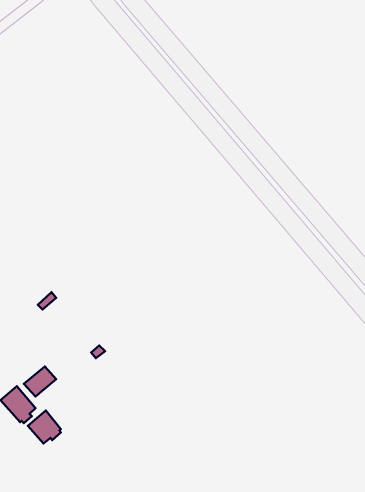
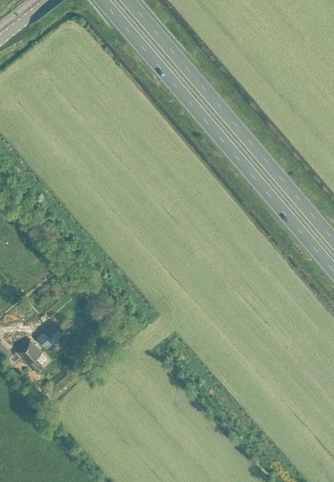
building: [28,411,61,443] -> none

